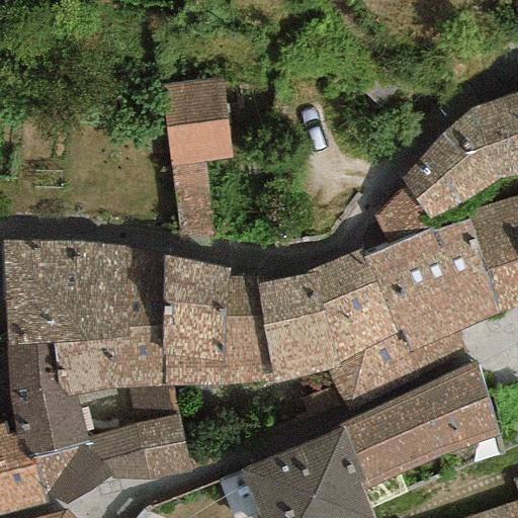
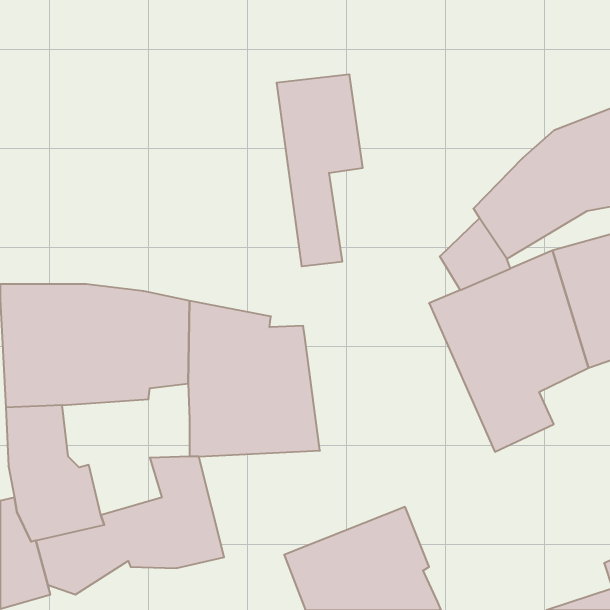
building: [160,76,233,238] -> [276,75,363,266]
building: [259,250,420,411] -> none
building: [55,324,162,395] -> none
building: [342,360,499,508] -> none

